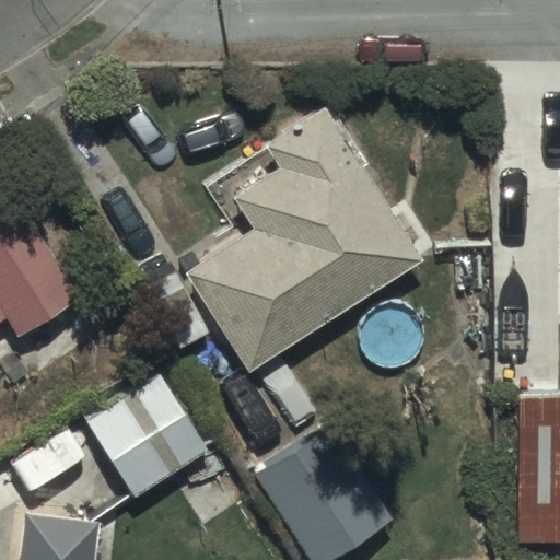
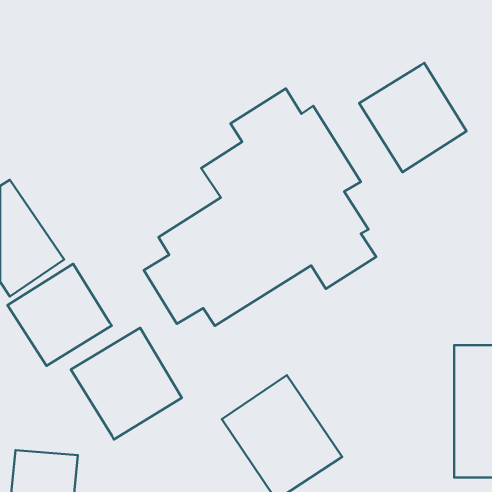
building: none -> [359,63,467,172]
building: none -> [8,264,112,366]

